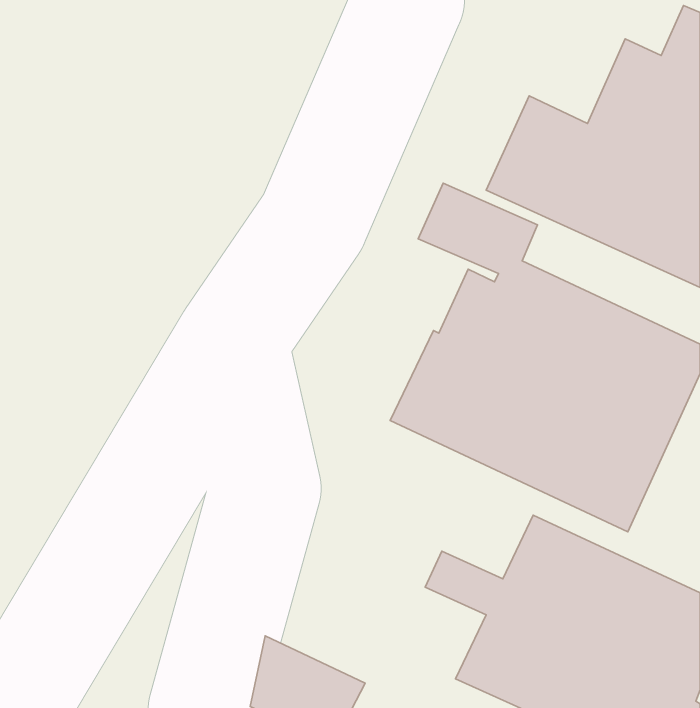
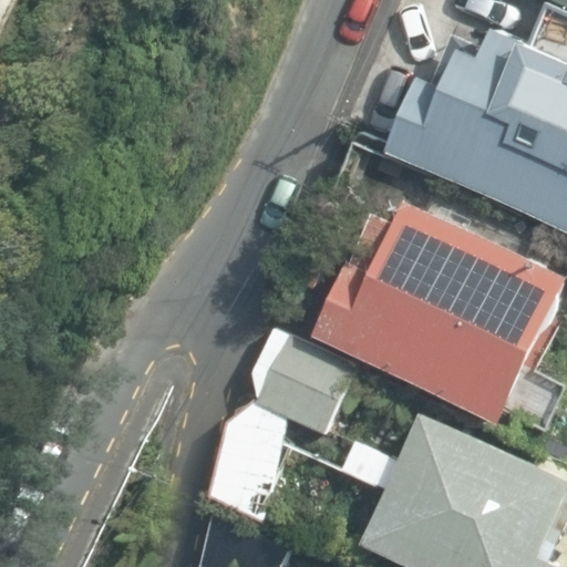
building: none -> [209,328,355,524]

